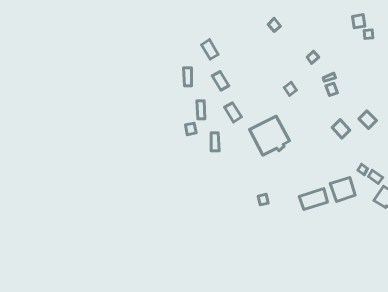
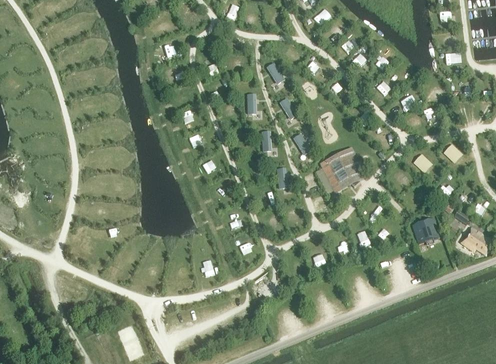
building: [299,189,328,210] -> none

